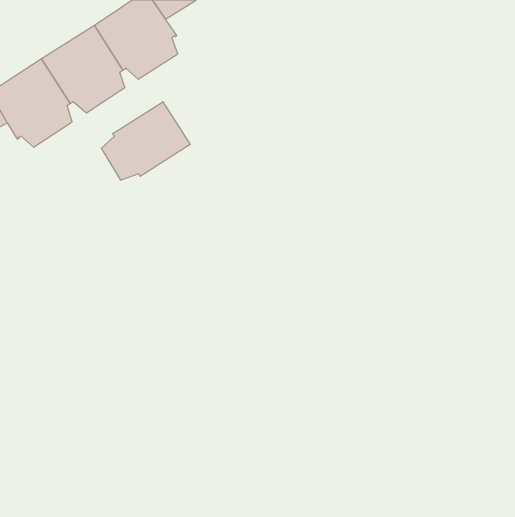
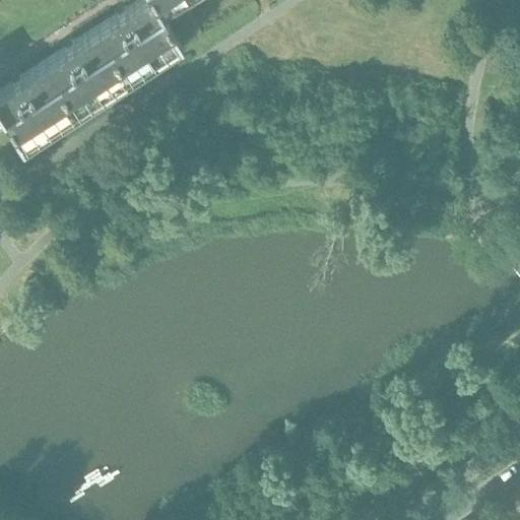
building: [101,102,190,180] -> none

